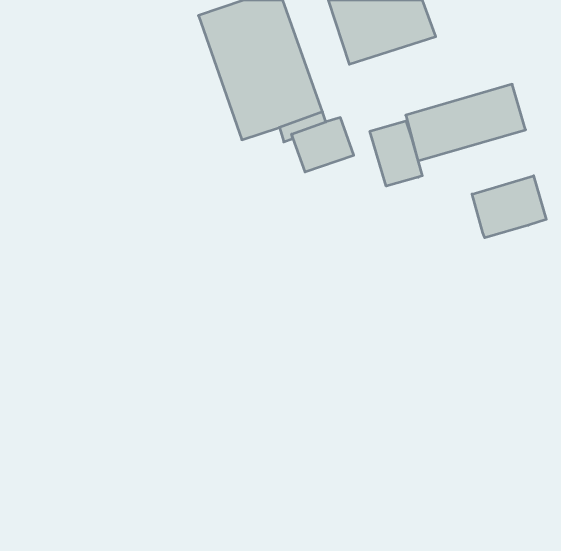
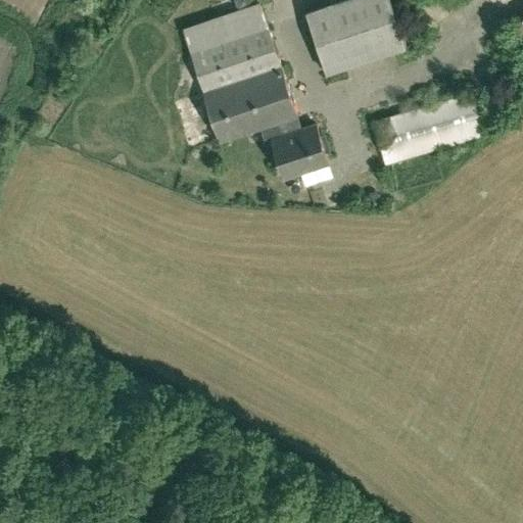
building: [370,121,422,186] -> none
building: [472,176,546,238] -> none

